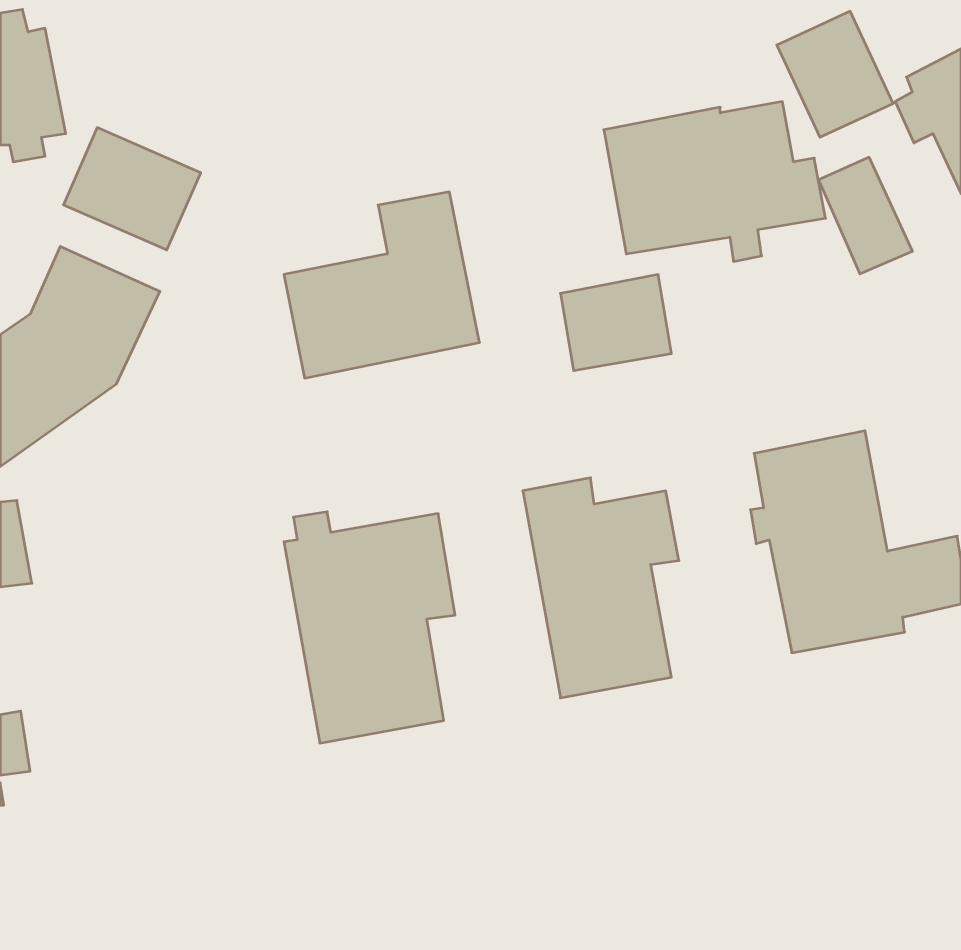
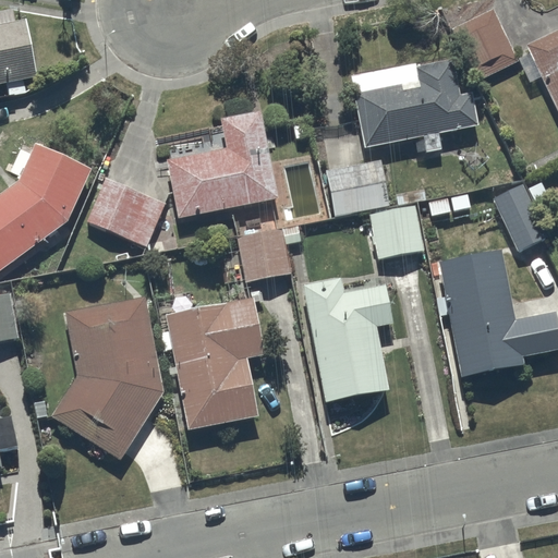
building: [63,128,201,250] -> [85,175,165,246]
building: [818,157,912,274] -> [493,182,547,250]
building: none -> [368,203,424,257]
building: none -> [235,223,301,282]
building: none -> [49,295,165,461]

